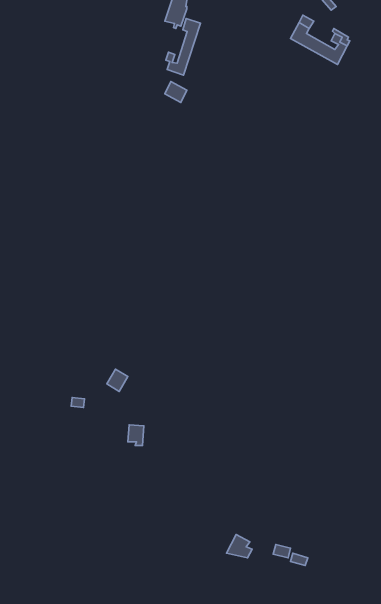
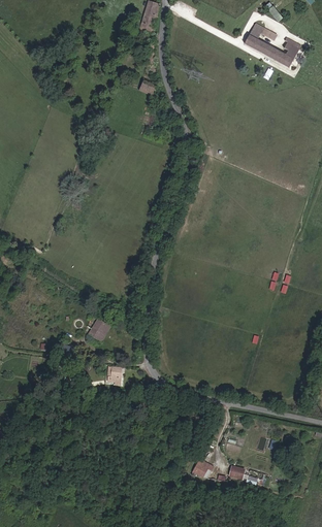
building: [166,18,200,75] -> none

